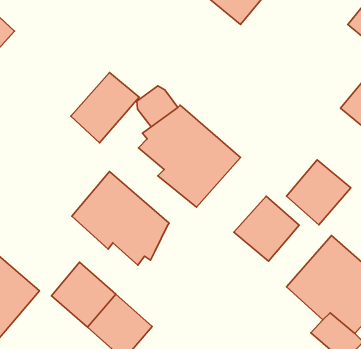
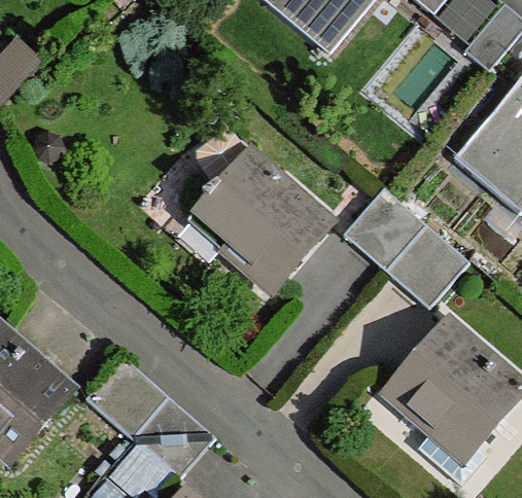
building: [71,72,139,143] -> none
building: [72,171,169,265] -> none
building: [234,196,299,261] -> [344,188,427,272]

